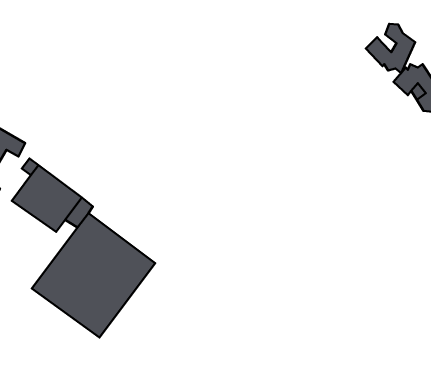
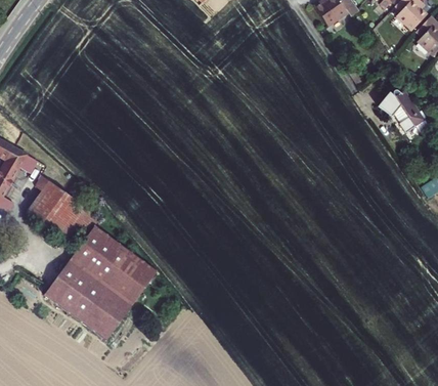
building: [366,24,415,73] -> none

